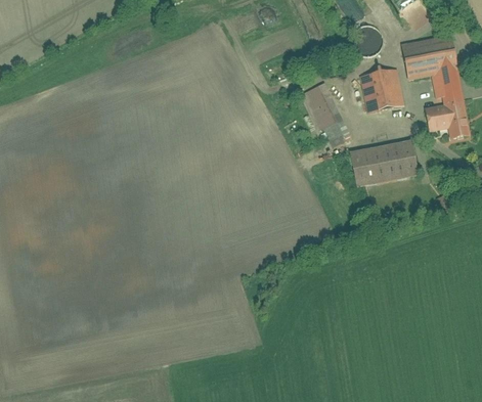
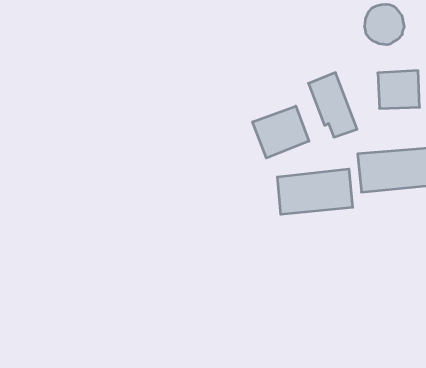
building: none -> [253,106,309,158]
building: none -> [277,169,353,214]

